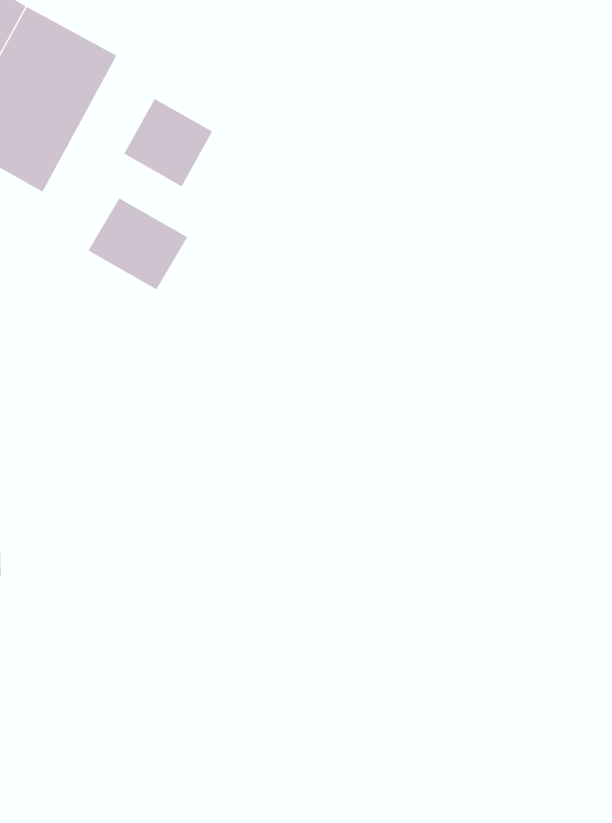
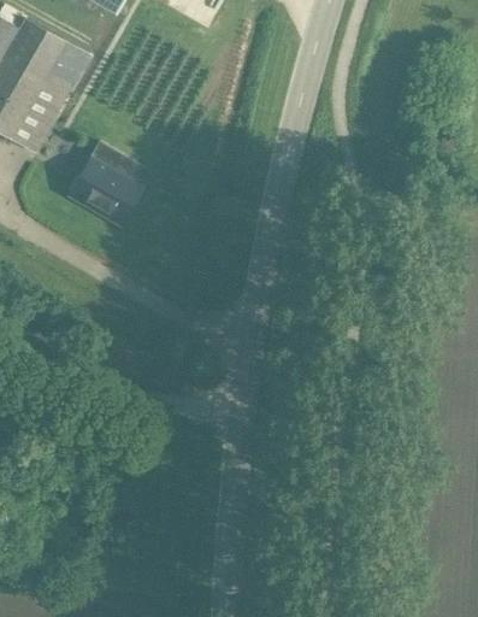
building: [124,98,213,187] -> none

